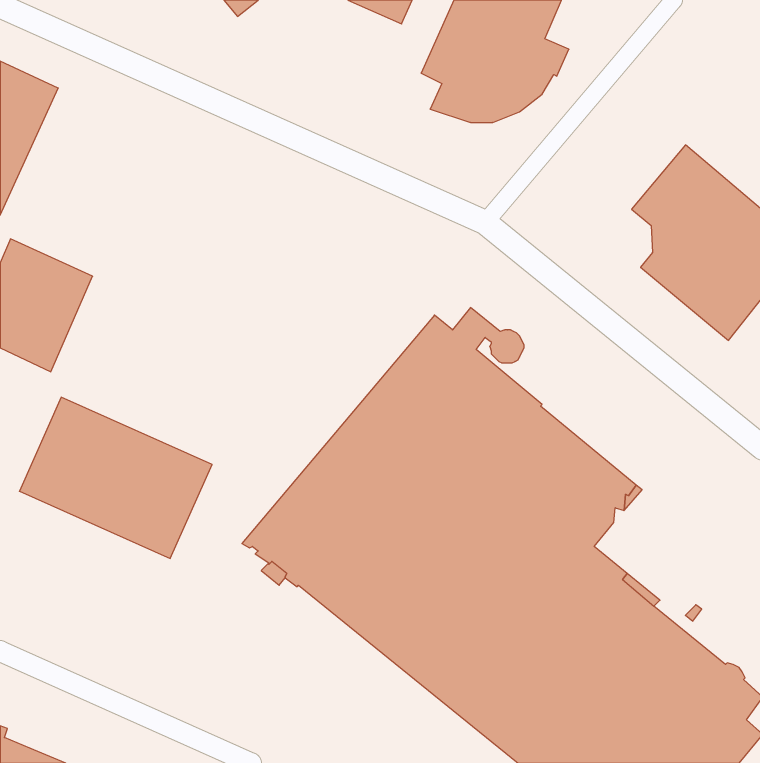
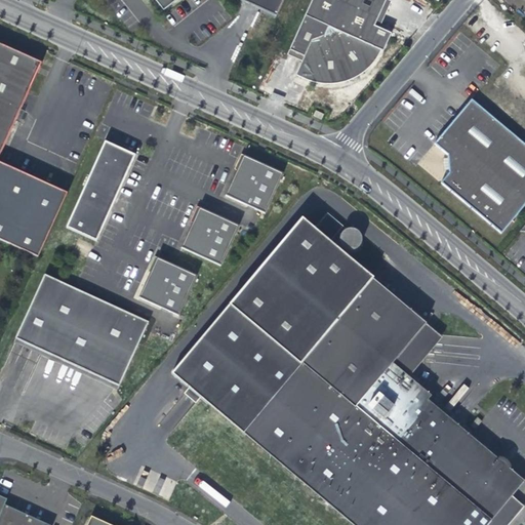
building: none -> [65,138,140,241]
building: none -> [223,152,281,209]
building: none -> [179,204,237,261]
building: none -> [137,254,195,312]

